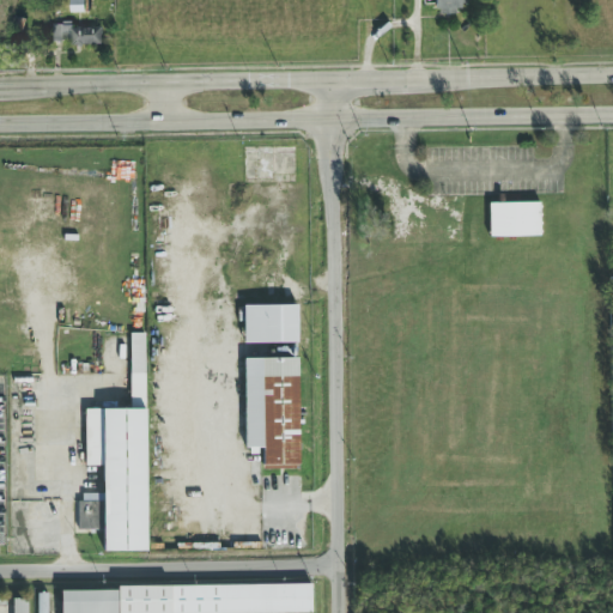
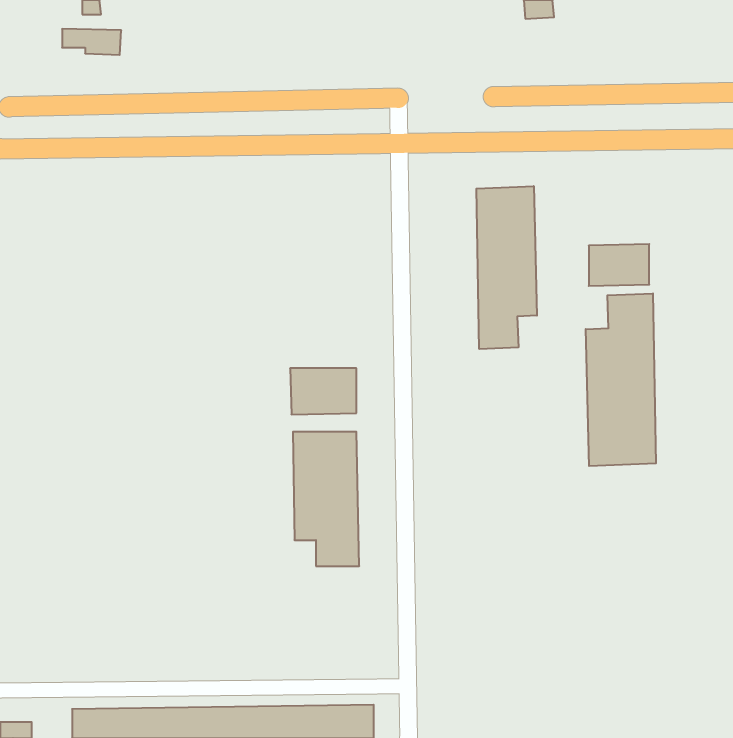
building: none -> [476,186,537,349]
building: none -> [586,293,656,466]
building: [81,334,148,552] -> none

